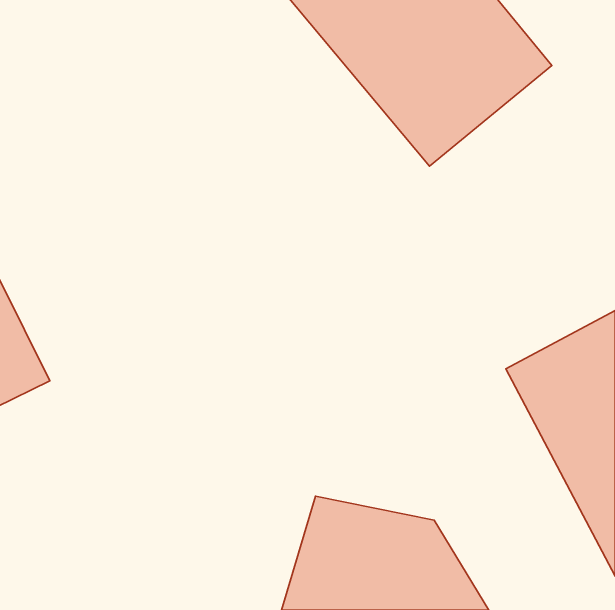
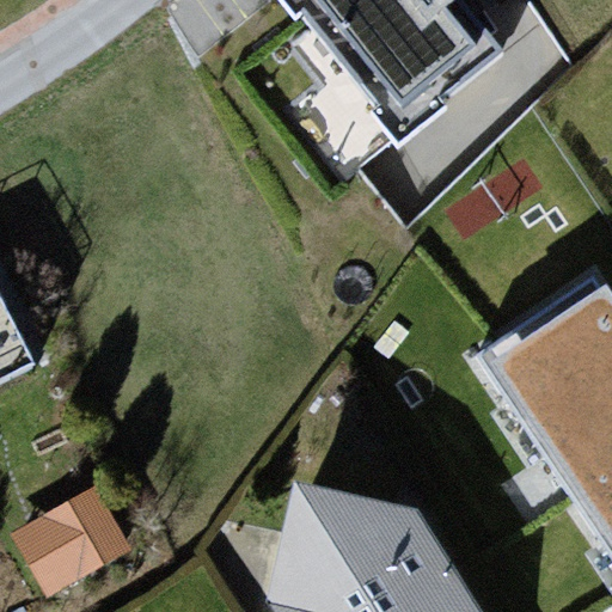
building: none -> [5,476,127,588]

